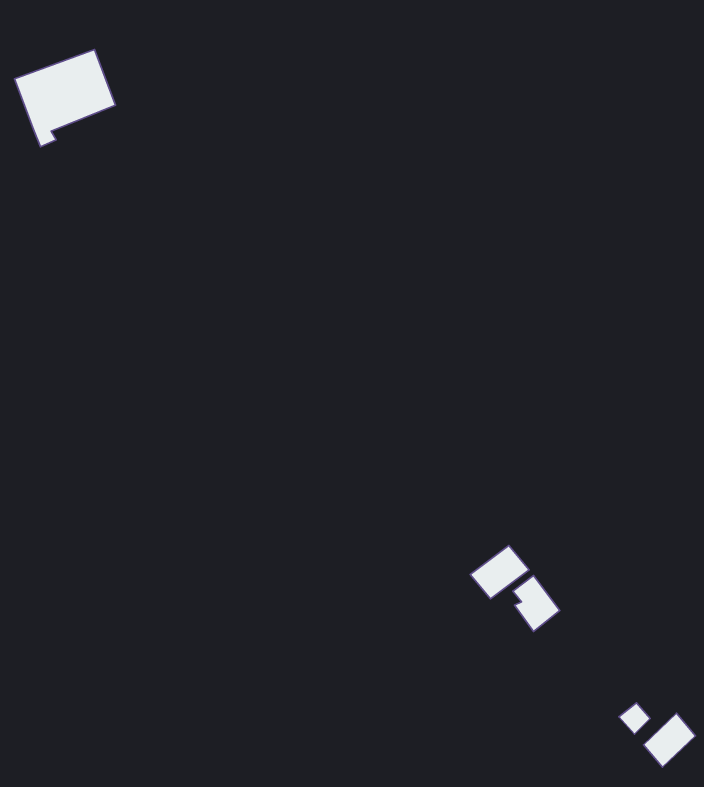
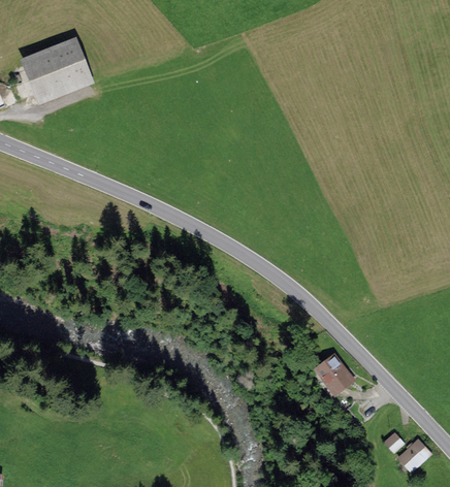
building: [470,546,529,599] -> none

